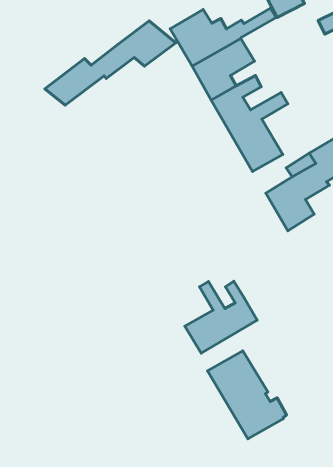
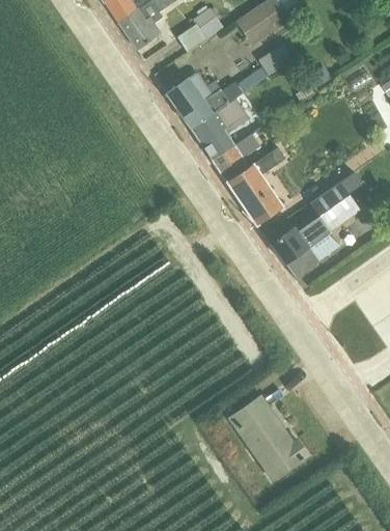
building: [45,21,176,105] -> none
building: [185,281,257,353] -> none

